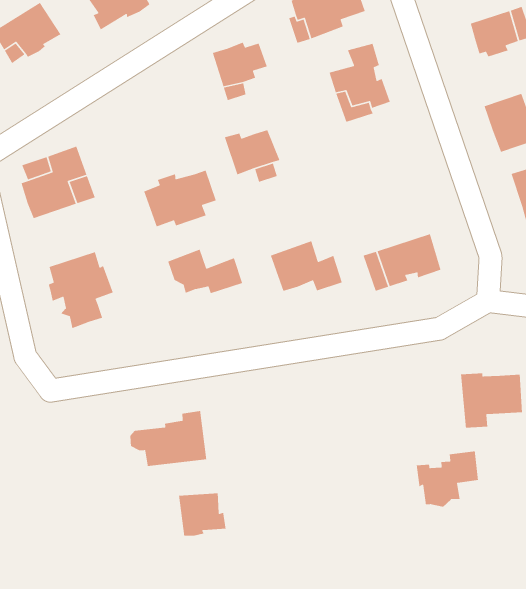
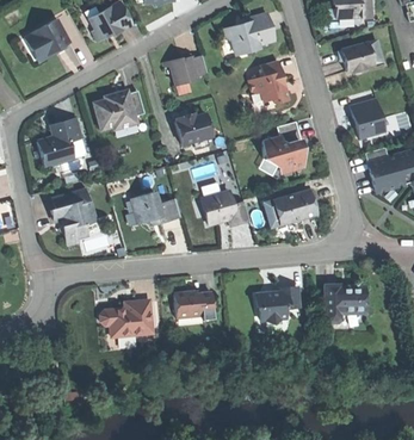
building: none -> [264,122,304,169]
building: [143,170,217,228] -> [94,91,143,128]
building: none -> [174,291,214,320]
building: [416,451,479,508] -> [257,286,298,323]
building: [178,493,226,537] -> none

